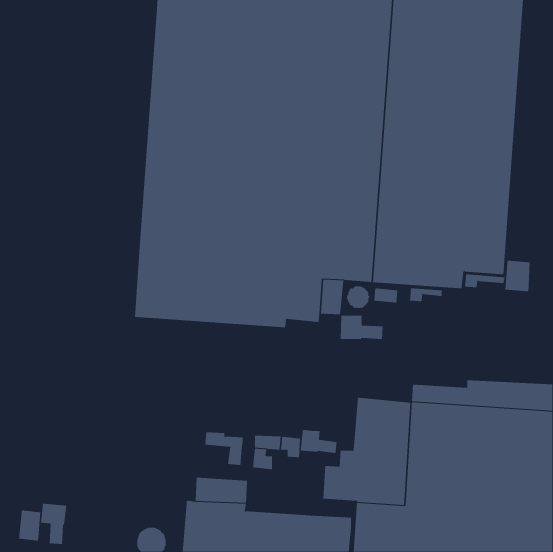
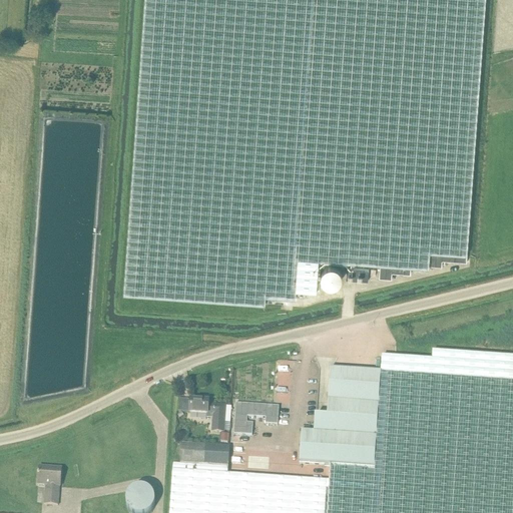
building: [505,260,530,292] -> none
building: [340,315,383,340] -> none
building: [300,429,337,454] -> none
building: [18,509,41,542] -> none

